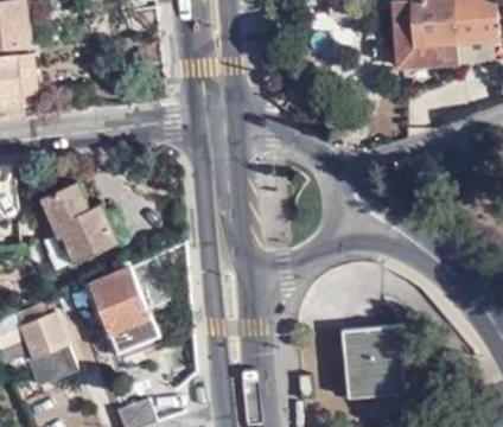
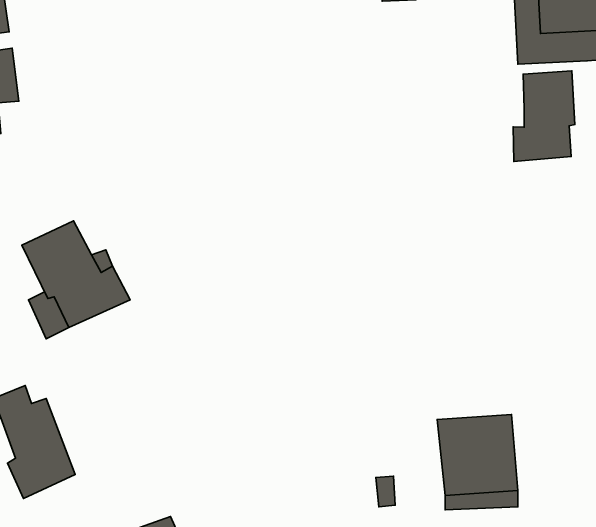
building: none -> [513,71,575,162]
building: [66,260,158,358] -> none

